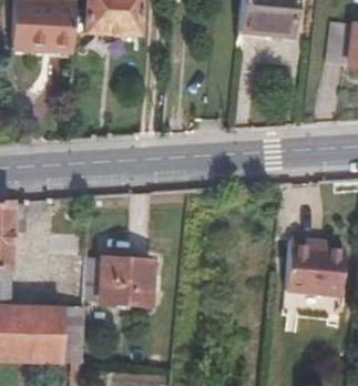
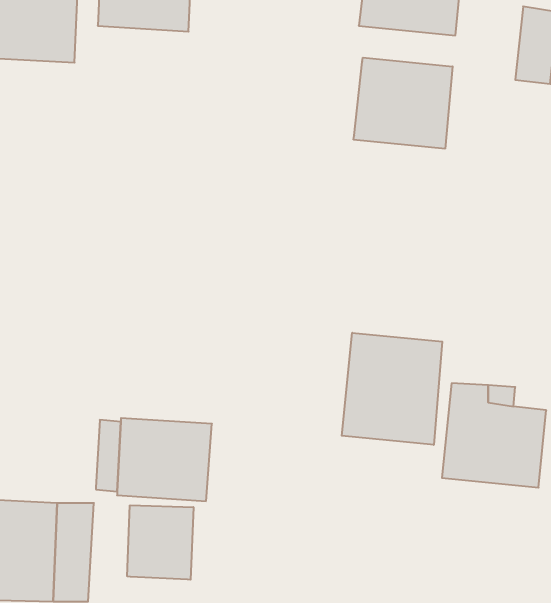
building: none -> [354,58,453,149]
building: none -> [342,333,442,445]
building: none -> [127,505,193,580]

